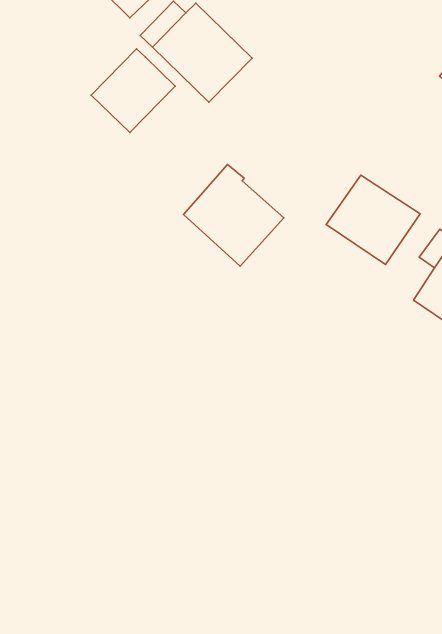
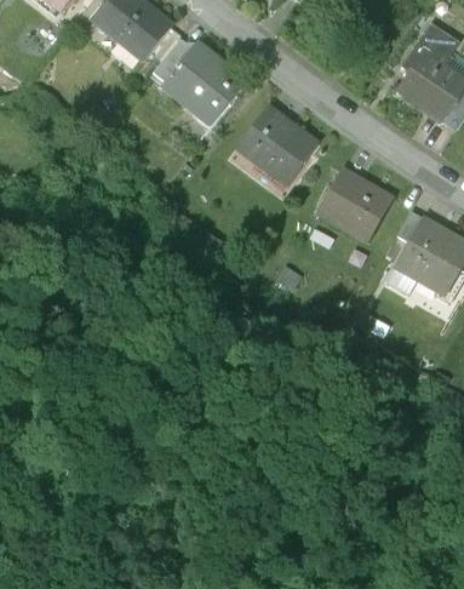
building: [91,49,175,133] -> none
building: [184,165,284,266] -> [236,105,317,187]

